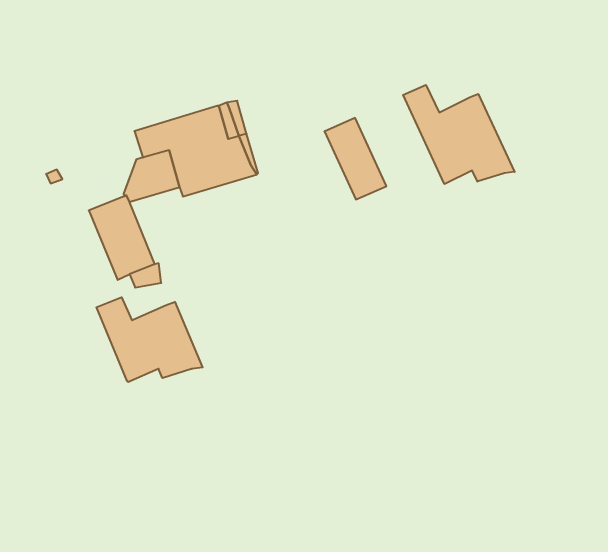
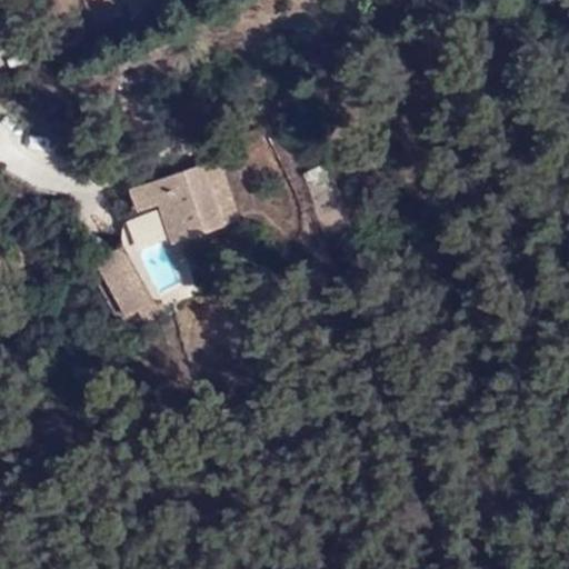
building: [403,85,515,184] -> none
building: [96,297,203,382] -> none

